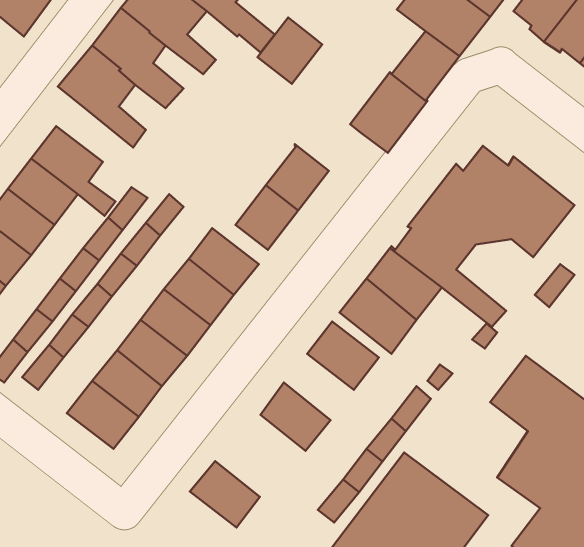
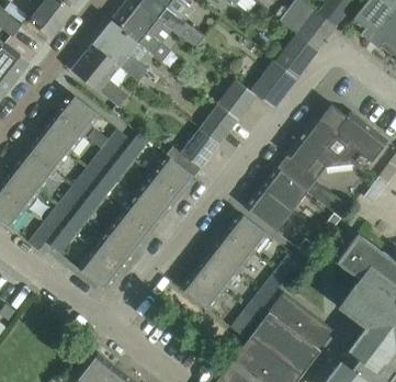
building: [258,18,322,84] -> [216,80,256,121]
building: none -> [210,233,252,273]
building: [190,461,260,527] -> [180,270,223,311]

